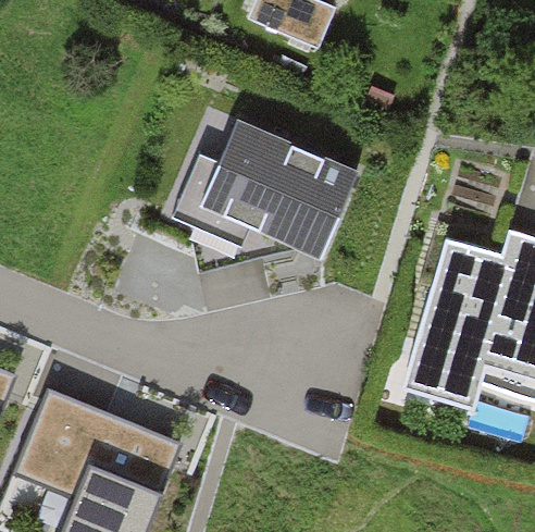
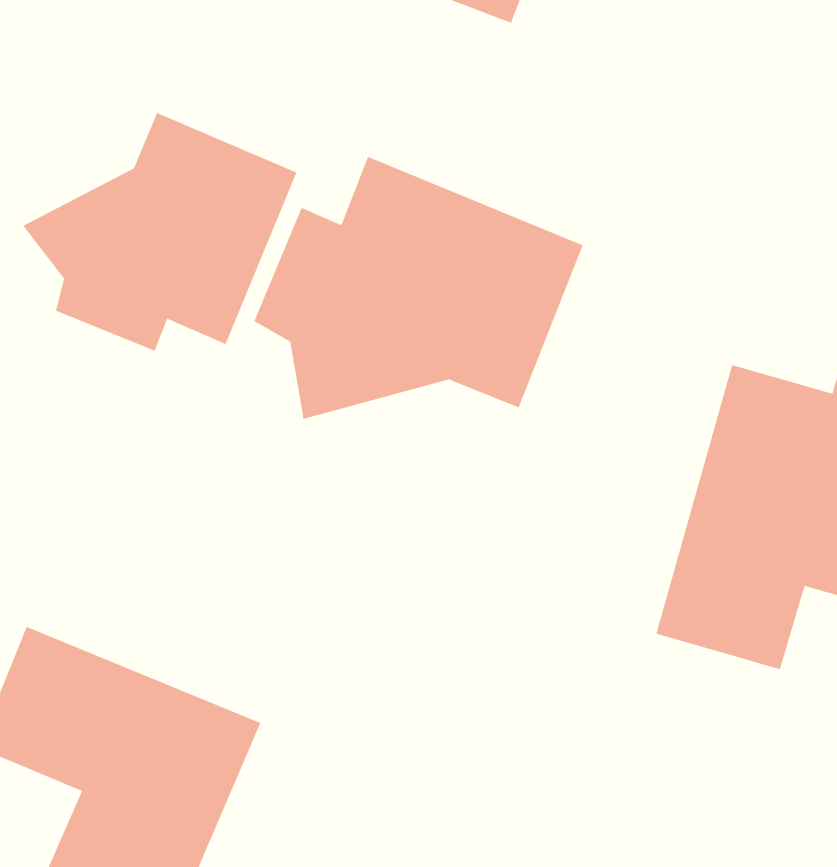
building: none -> [23,112,297,352]

